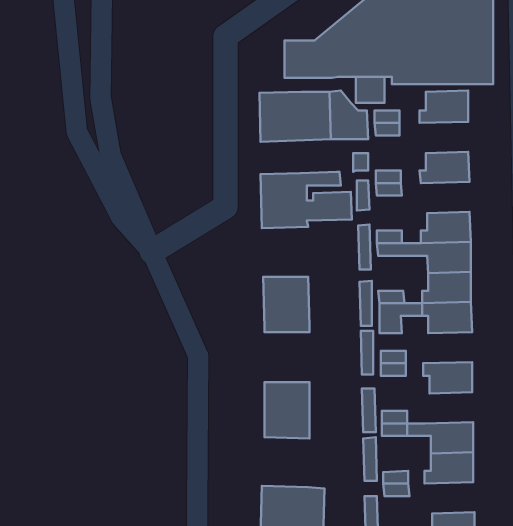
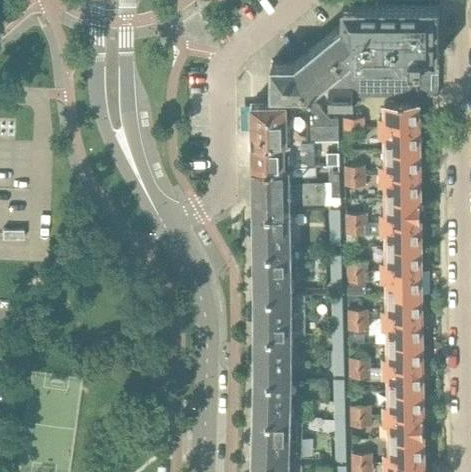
building: none -> [379,128,418,153]
building: none -> [252,142,313,170]
building: none -> [380,176,419,201]
building: none -> [253,212,290,252]
building: none -> [255,296,304,336]
building: none -> [382,296,421,321]
building: none -> [382,344,422,369]
building: none -> [253,380,291,420]
building: none -> [383,416,423,441]

